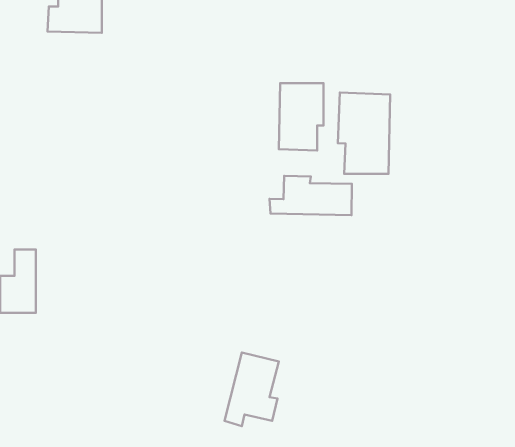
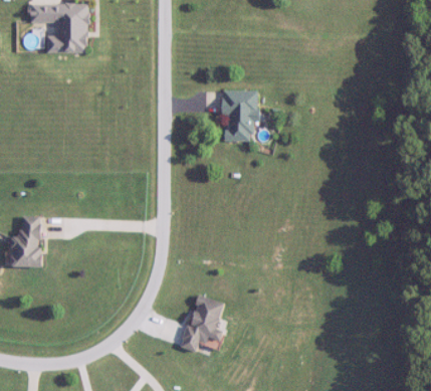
building: [338,92,390,174] -> none
building: [270,176,352,215] -> none

